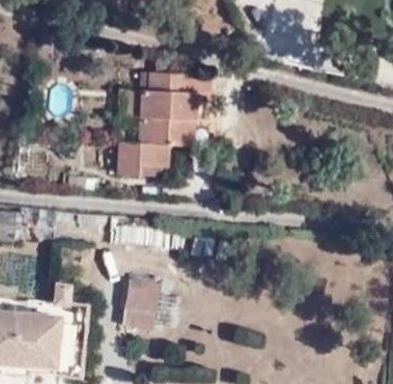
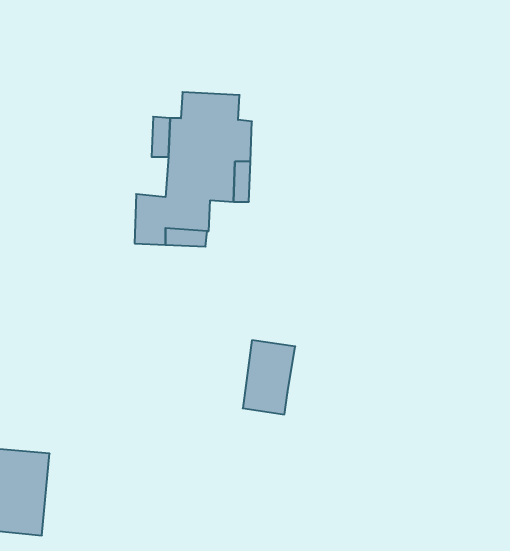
building: [124,278,160,328] -> [243,340,295,414]

